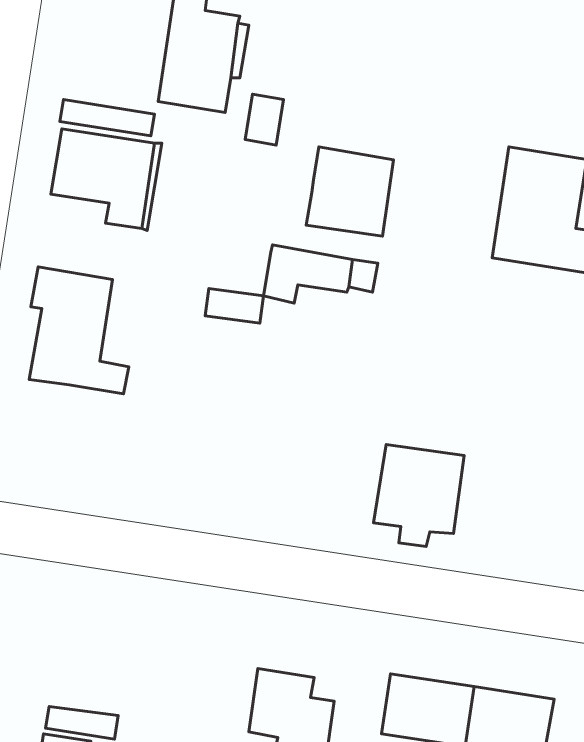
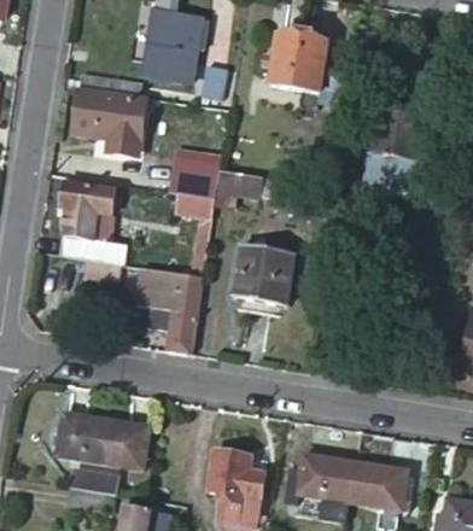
building: [306,147,393,236] -> [270,30,328,89]
building: none -> [170,164,220,200]
building: none -> [82,259,203,352]
building: [373,445,464,546] -> [233,244,293,311]
building: none -> [56,414,145,471]

